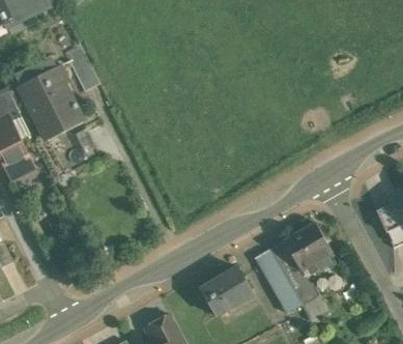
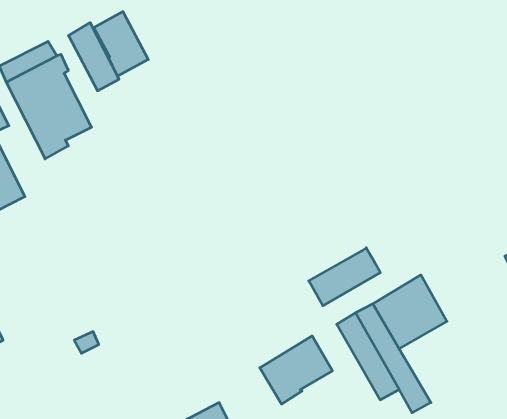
building: none -> [94,12,148,76]
building: none -> [309,248,380,306]

